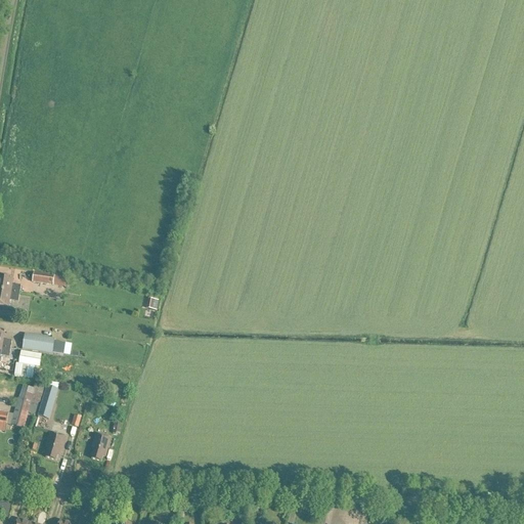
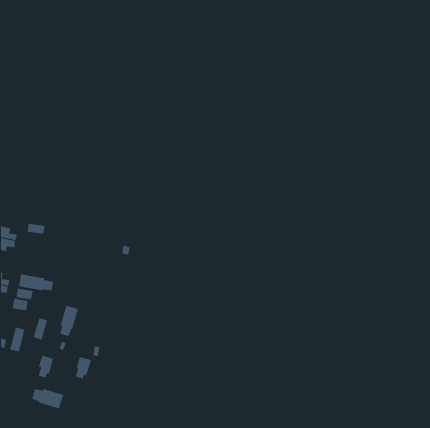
building: none -> [60,305,78,337]
building: none -> [32,388,64,409]

